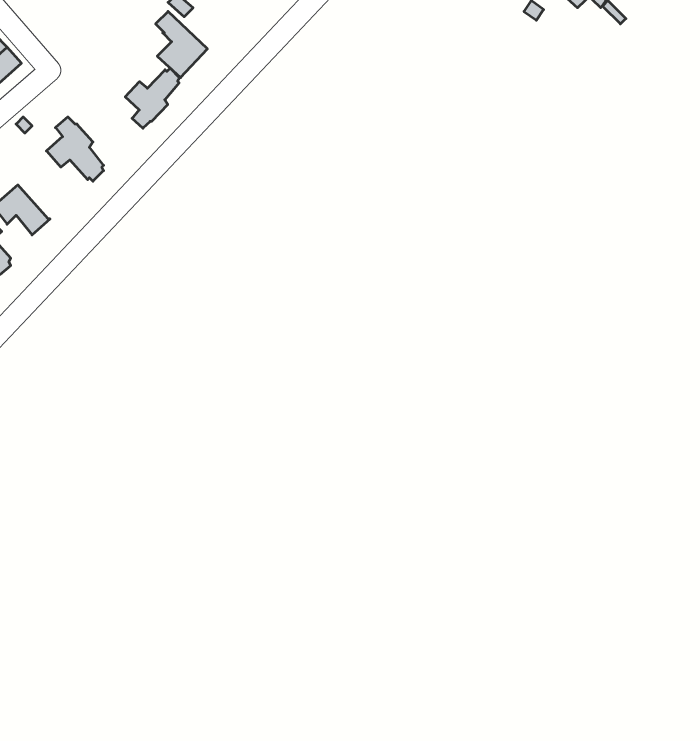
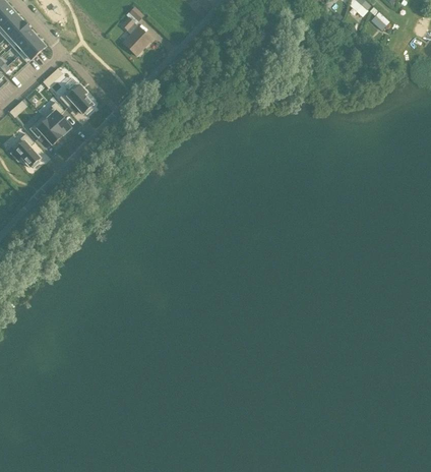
building: [125,68,179,128] -> none
building: none -> [43,100,70,134]

